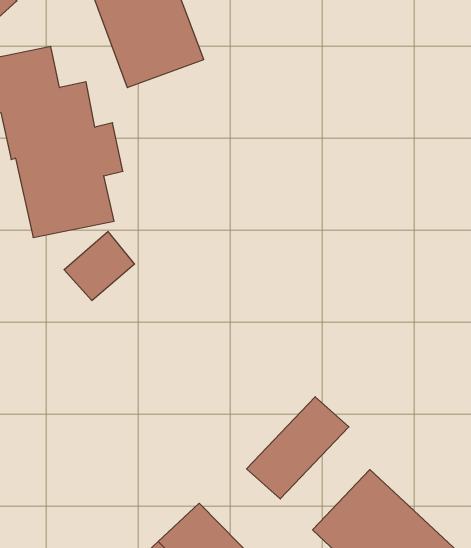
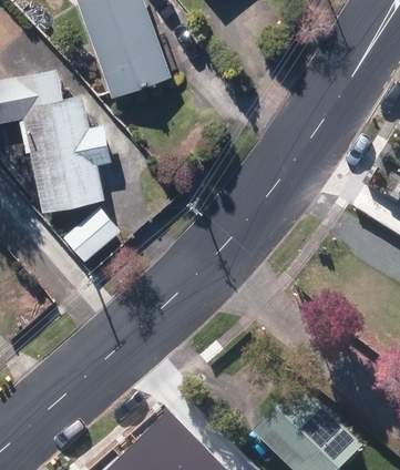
building: [247,397,349,499] -> none

